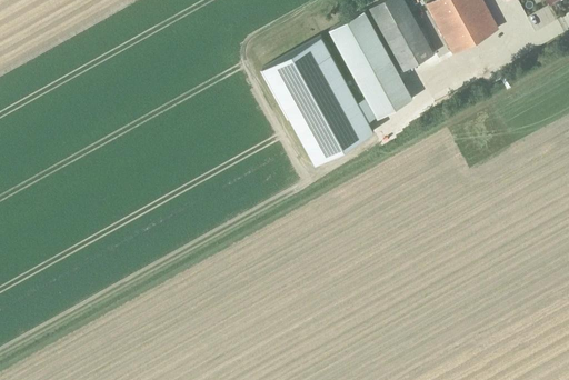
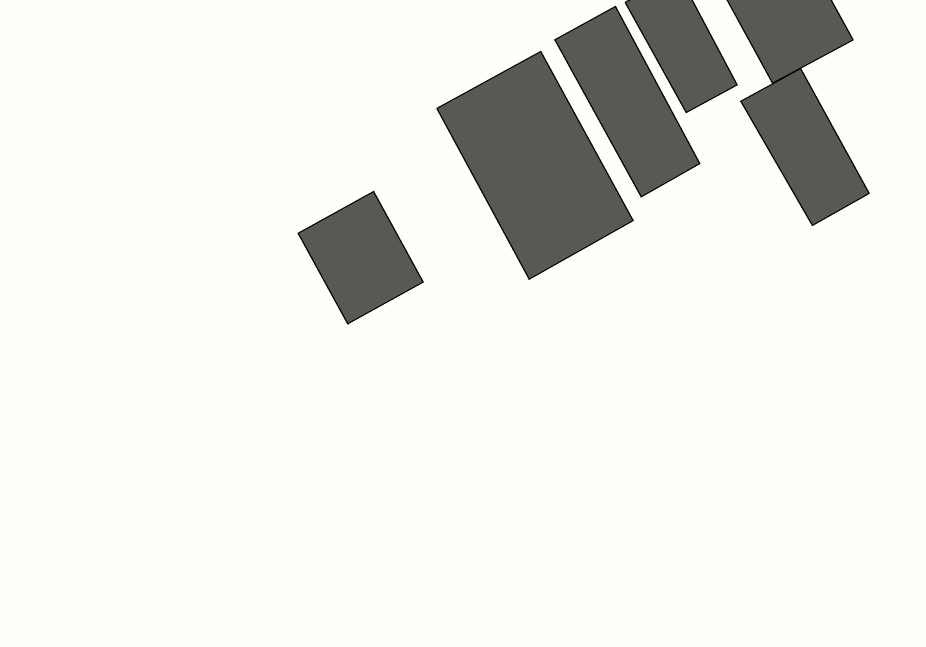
building: none -> [741,69,869,225]
building: none -> [298,191,423,324]

